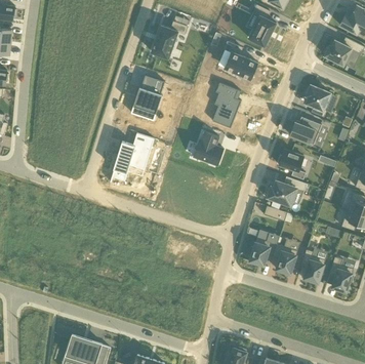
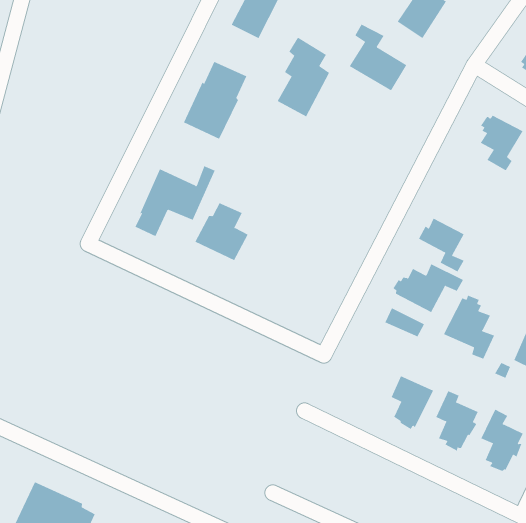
building: [211,82,240,128] -> [277,37,330,117]
building: [288,117,320,145] -> none
building: [192,132,222,165] -> [195,203,248,261]
building: none -> [443,295,495,359]
building: [248,238,270,266] -> none

